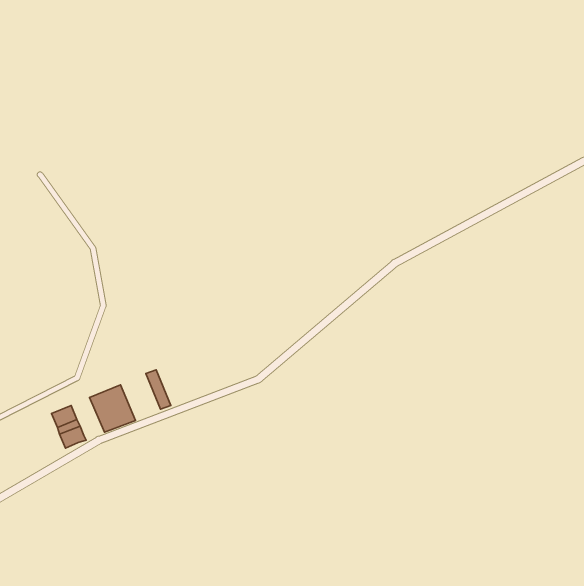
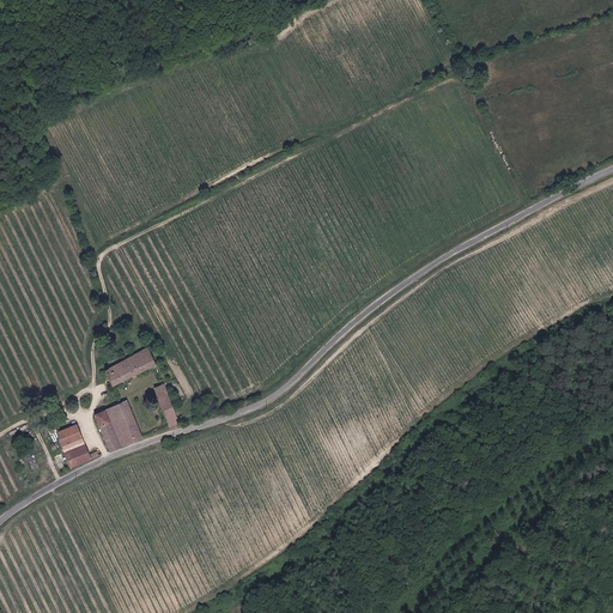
building: none -> [101,346,153,386]

